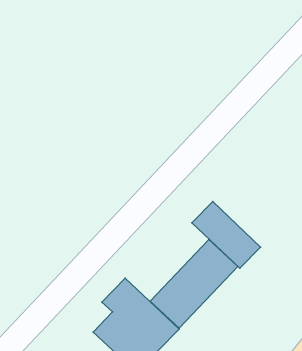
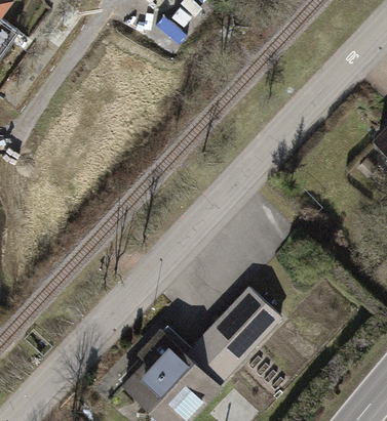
building: [192,202,260,268] -> none

